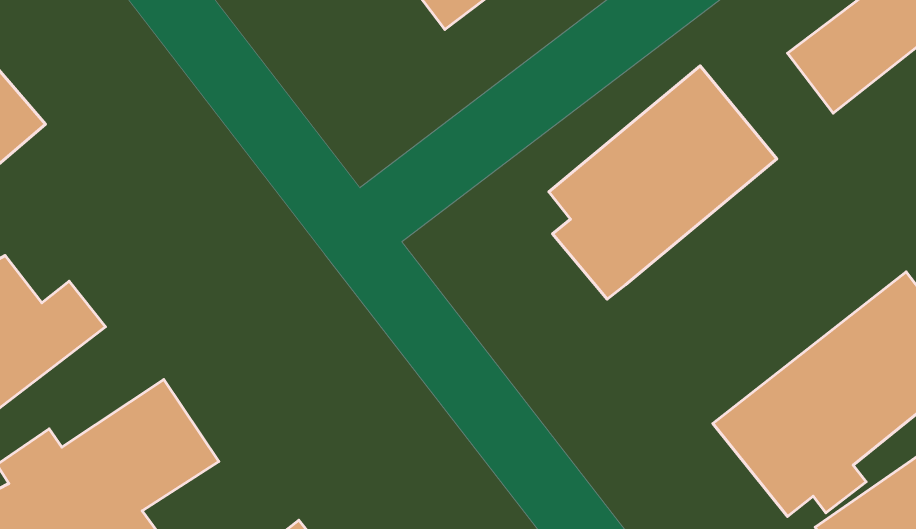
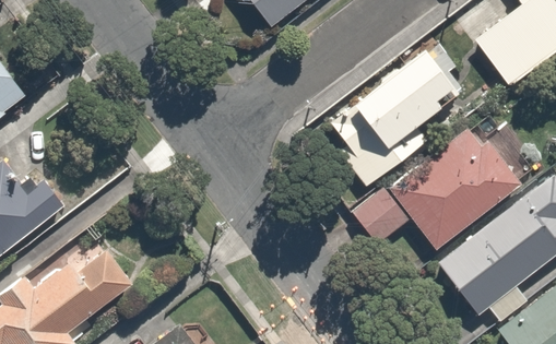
building: none -> [352,112,532,250]

